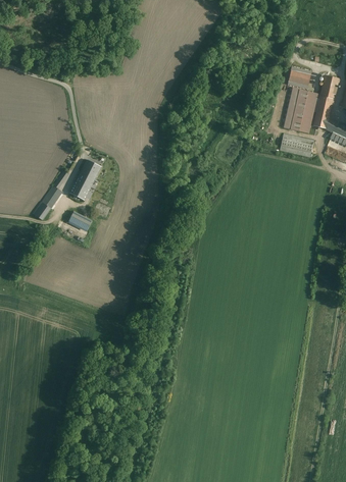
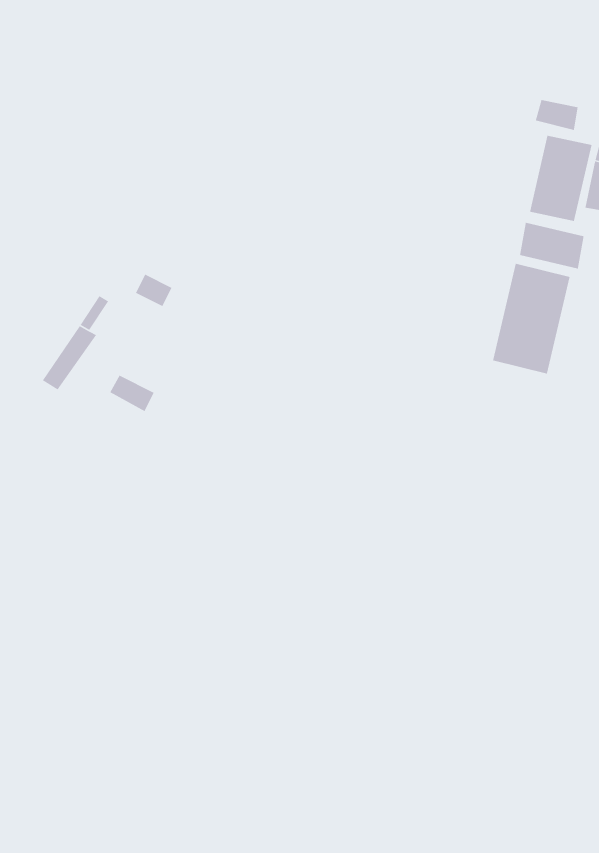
building: none -> [492,263,571,375]
building: [70,169,96,200] -> none

